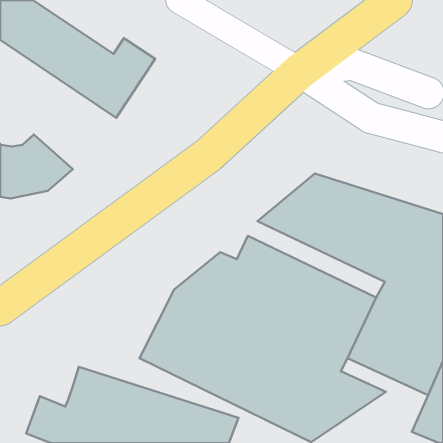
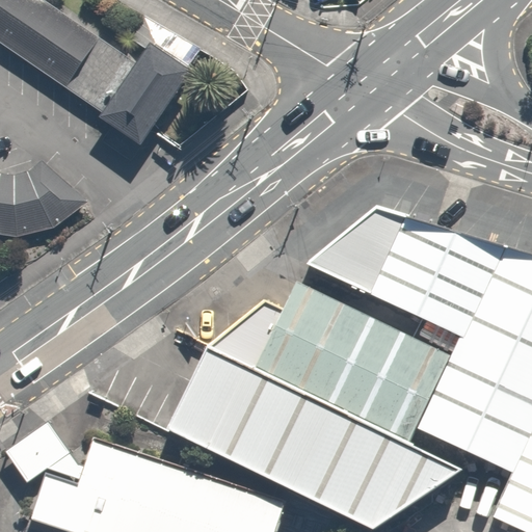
building: none -> [6,424,86,483]

